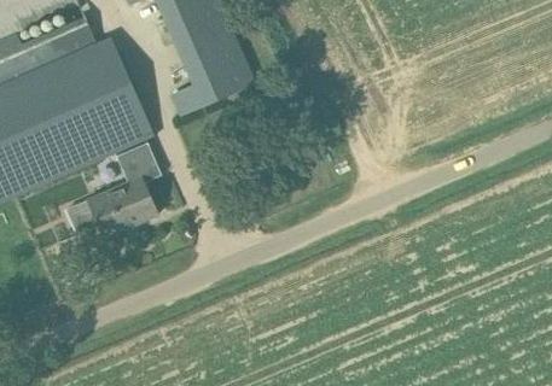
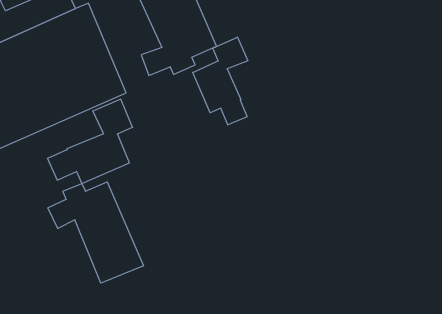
building: none -> [193,37,248,125]
building: none -> [48,182,143,283]

